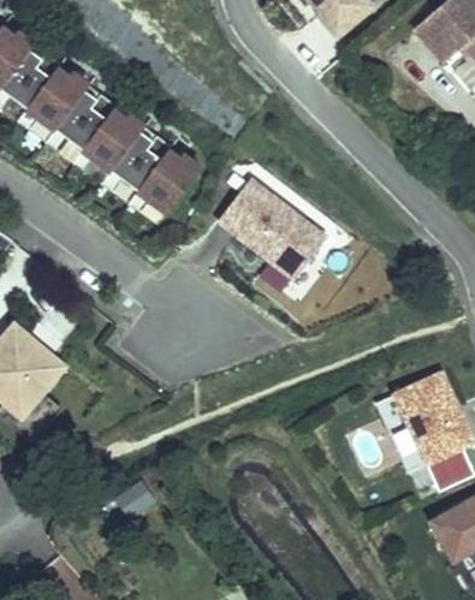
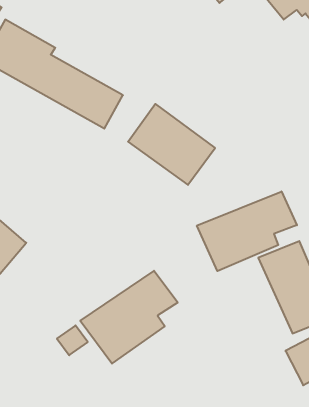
building: none -> [197,191,297,271]
building: none -> [80,271,178,364]

